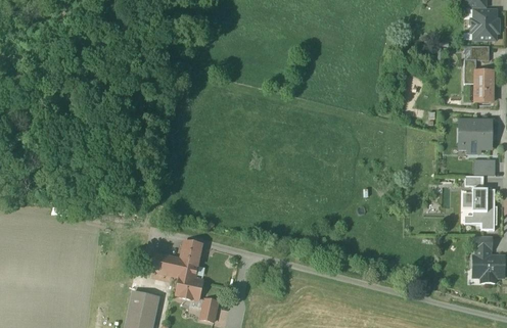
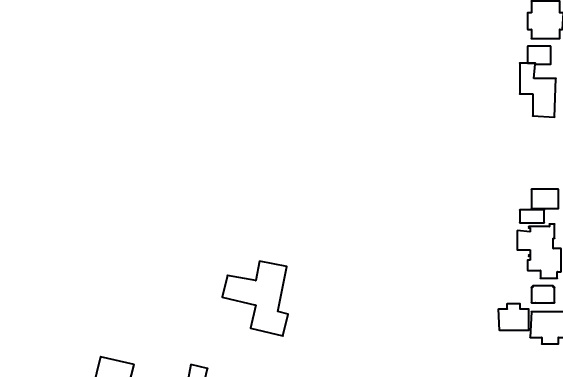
building: [460,121,489,152] -> none
building: [152,243,204,302] -> [222,261,288,336]
building: none -> [499,304,529,330]

